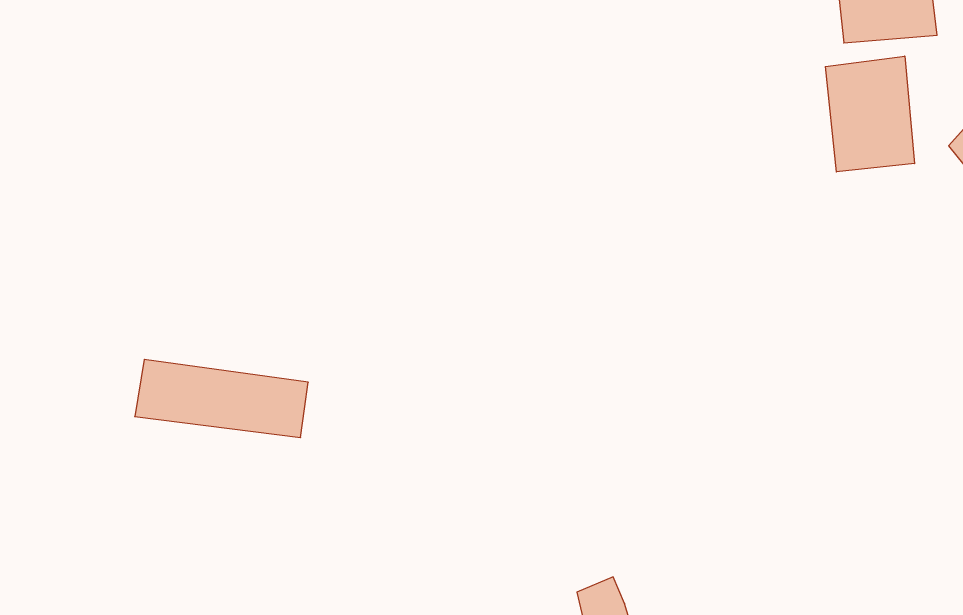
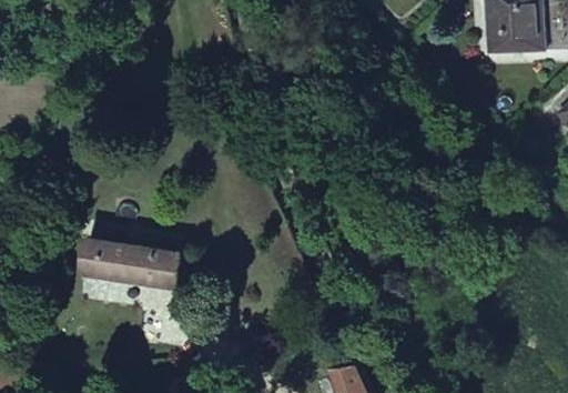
building: [825,56,915,172] -> none

